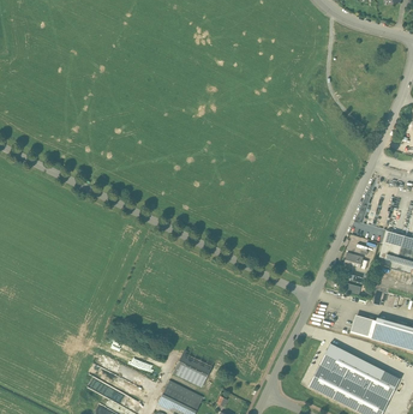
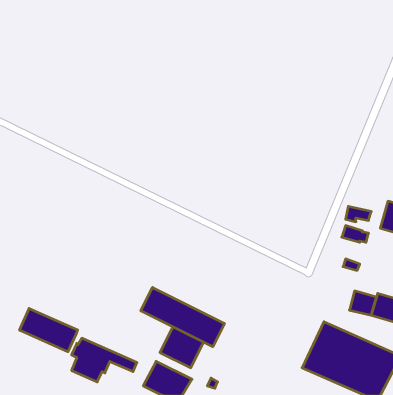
building: none -> [141,287,224,347]
building: none -> [20,308,78,352]

